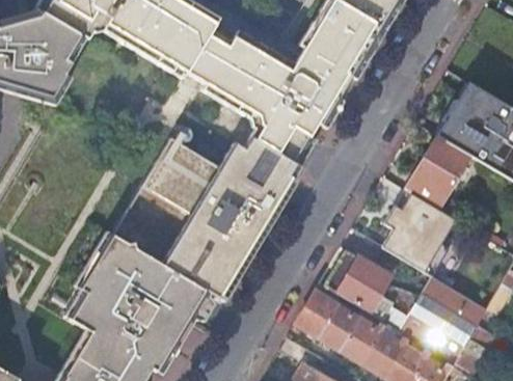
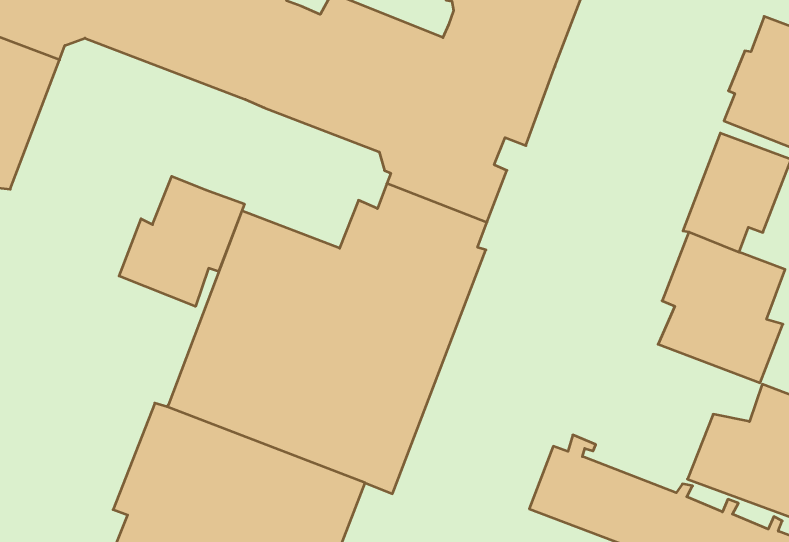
building: none -> [119,176,244,306]
building: [325,250,390,312] -> none

